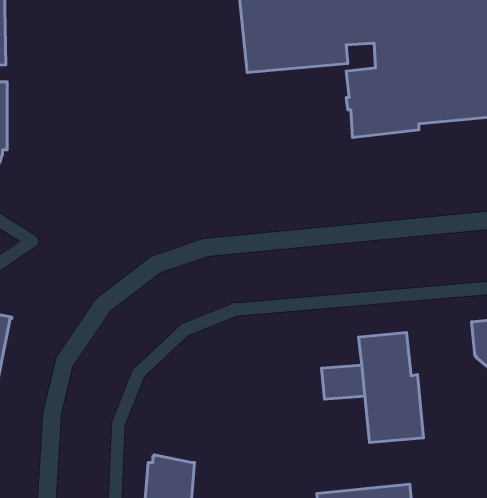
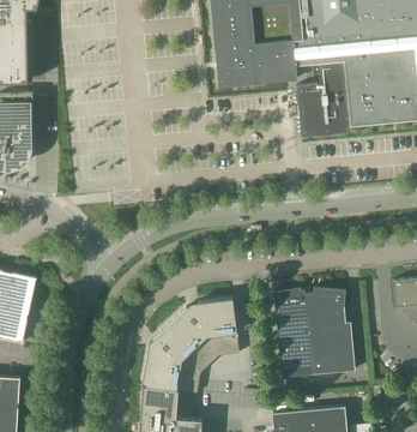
building: none -> [274,289,308,317]
building: none -> [143,298,240,394]
building: none -> [279,338,314,377]

